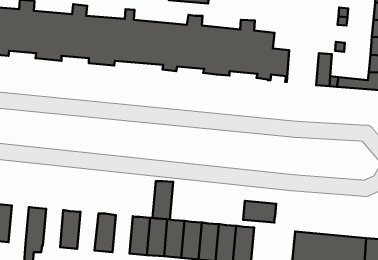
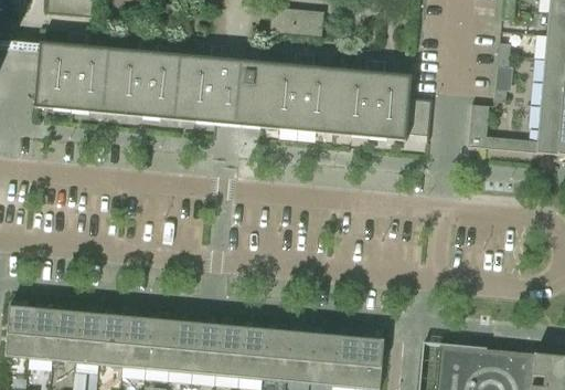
building: [153,181,173,220] -> [193,324,221,376]
building: [243,201,276,223] -> none
building: none -> [53,310,81,362]
building: none -> [99,315,127,367]
building: none -> [146,319,174,371]

